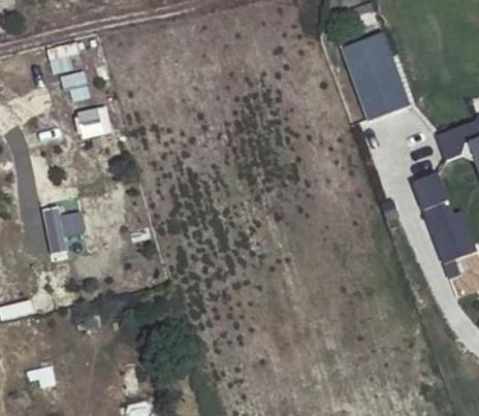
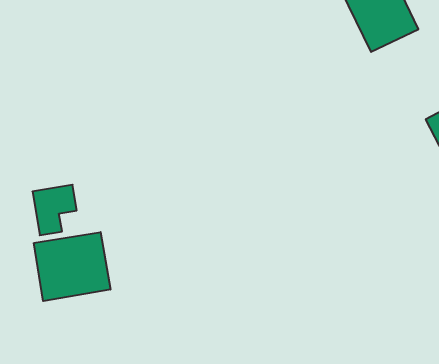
building: none -> [34,232,110,301]

